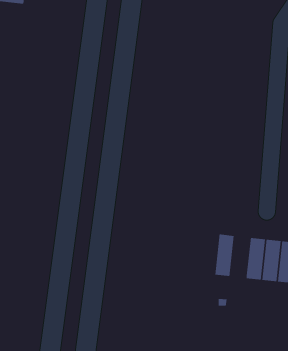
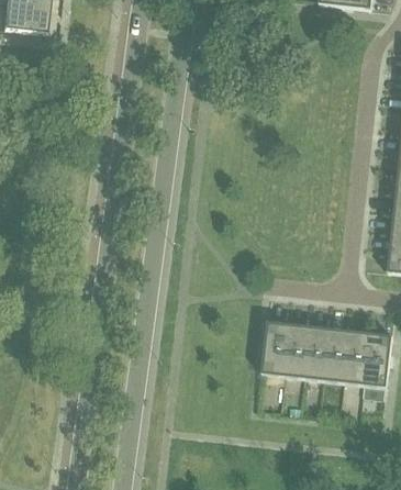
building: none -> [265,321,293,375]
building: none -> [308,325,333,379]

